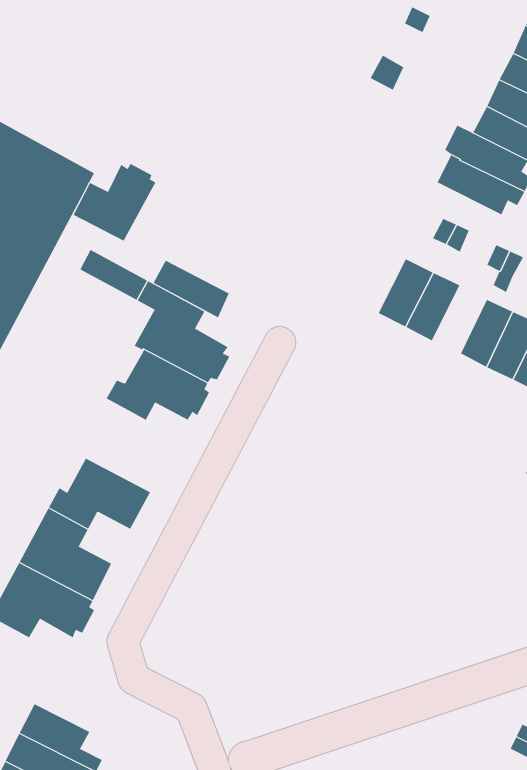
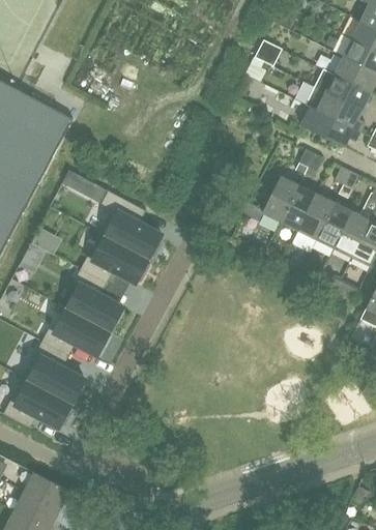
building: [73,163,156,242] -> none
building: [153,260,230,318] -> none
building: none -> [297,194,334,239]
building: none -> [66,269,122,331]

